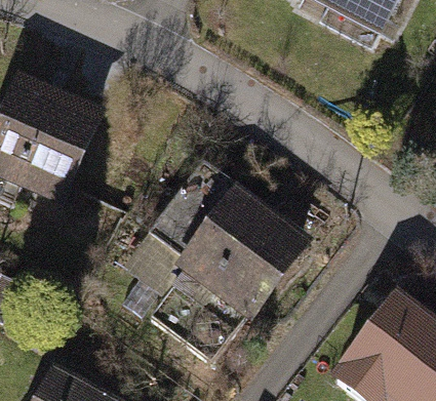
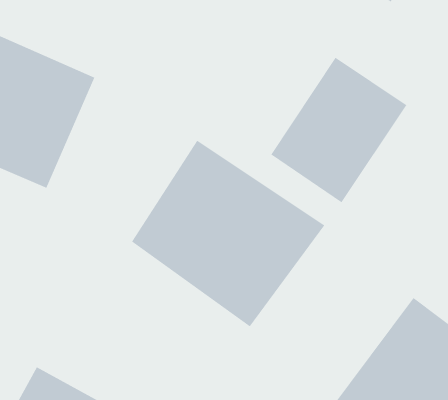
building: none -> [271,57,407,203]

